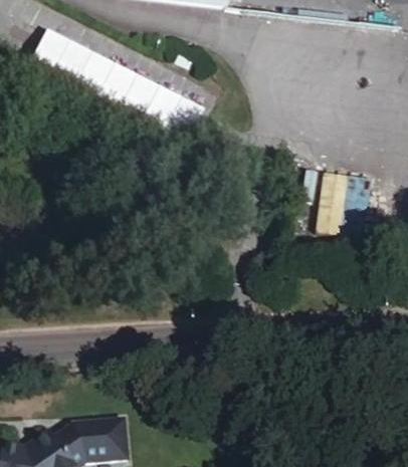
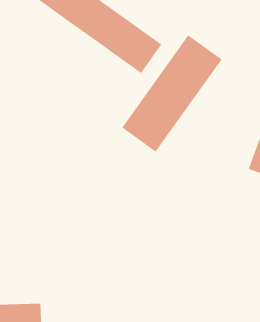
building: none -> [122,35,222,153]

